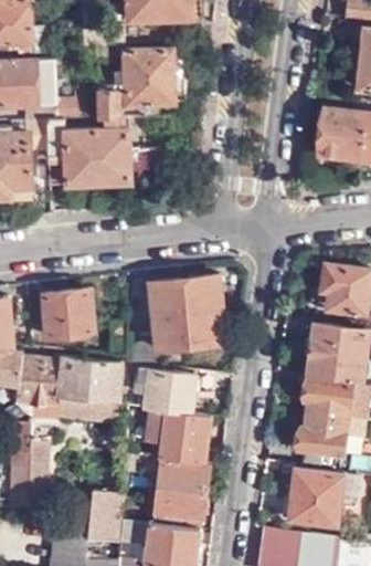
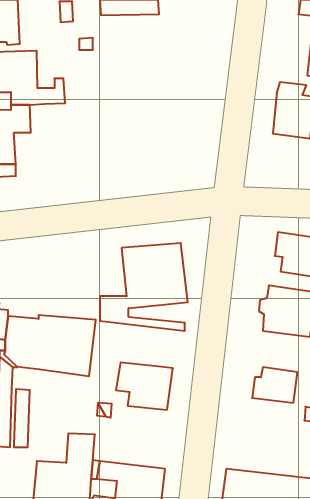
building: [100,50,191,119] -> none
building: [47,120,130,187] -> none
building: [46,289,127,356] -> none
building: [134,369,194,415] -> none
building: [276,371,351,421] -> none
building: [152,462,208,523] -> none
building: [288,470,343,527] -> none

